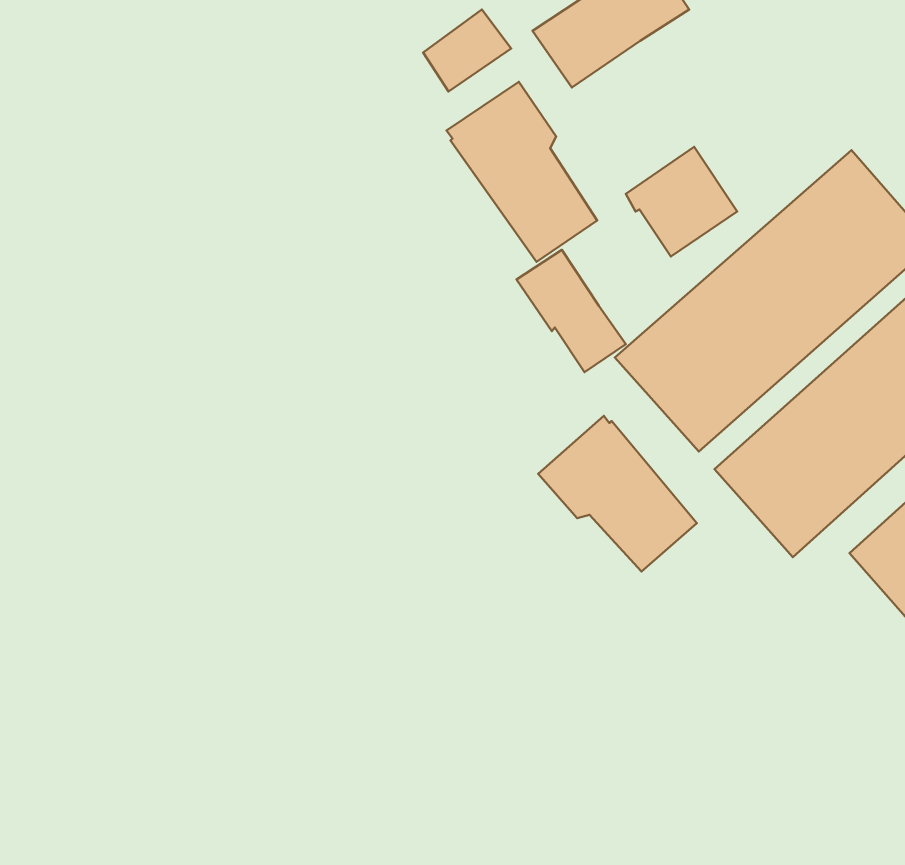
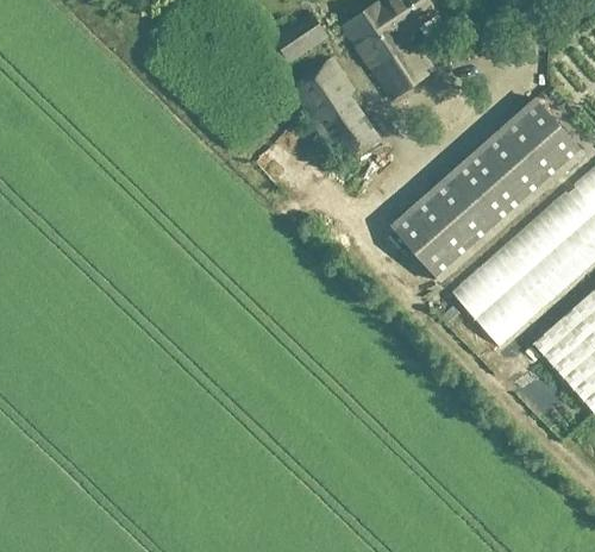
building: [626,147,737,256] -> [365,31,433,98]
building: [517,250,626,372] -> none
building: [538,416,697,572] -> none

